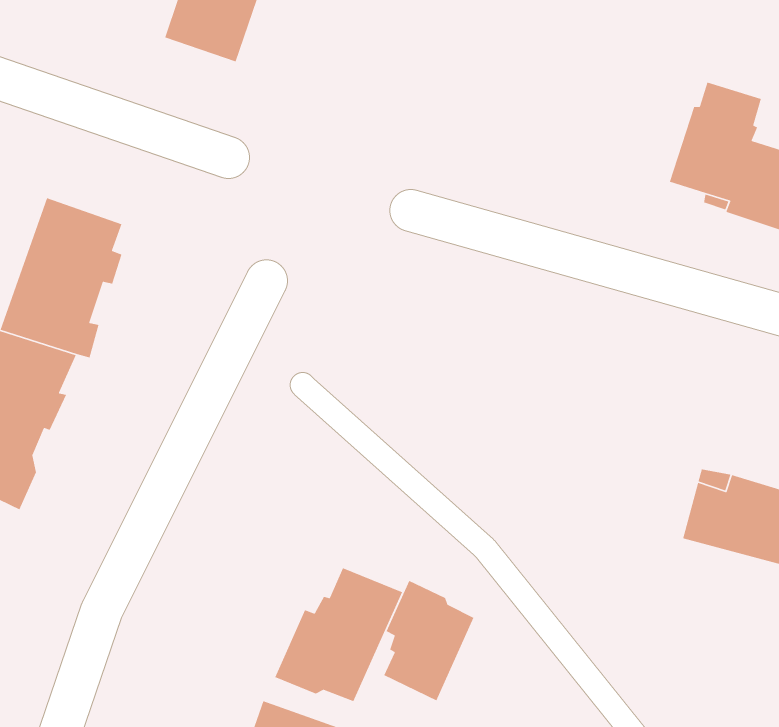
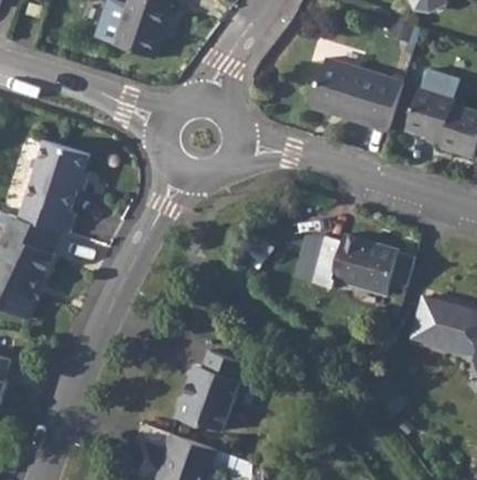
building: none -> [307,57,401,130]
building: none -> [311,233,413,293]
building: [383,580,474,701] -> none

